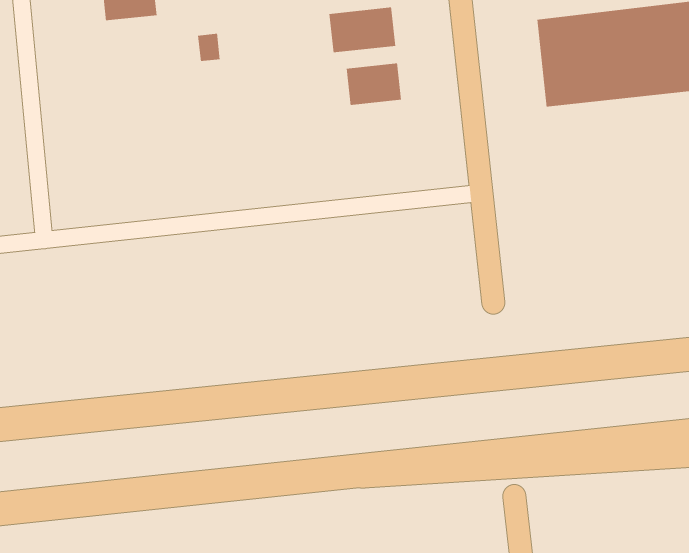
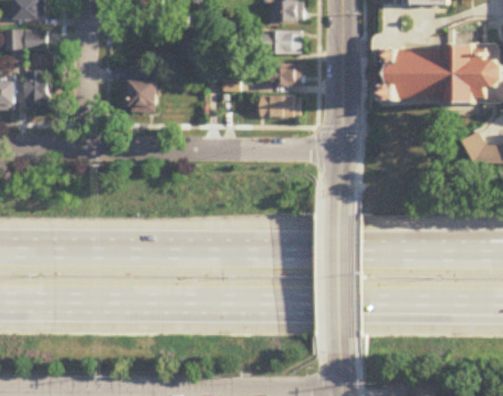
building: none -> [128,66,156,112]
building: none -> [259,95,298,116]

